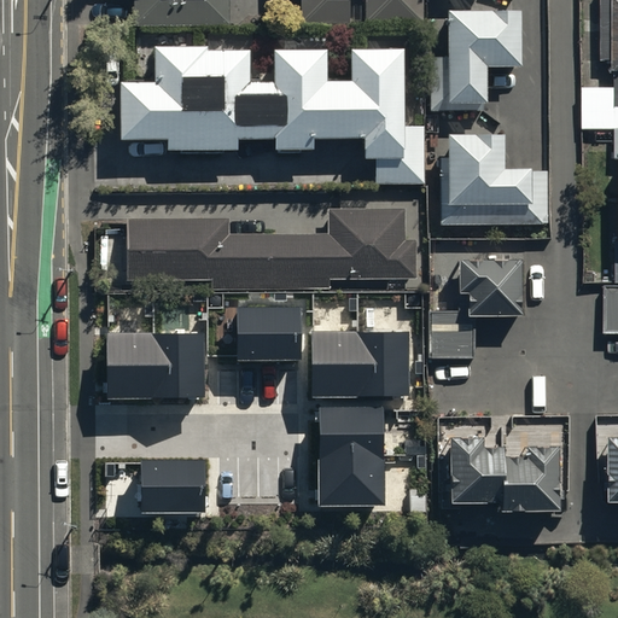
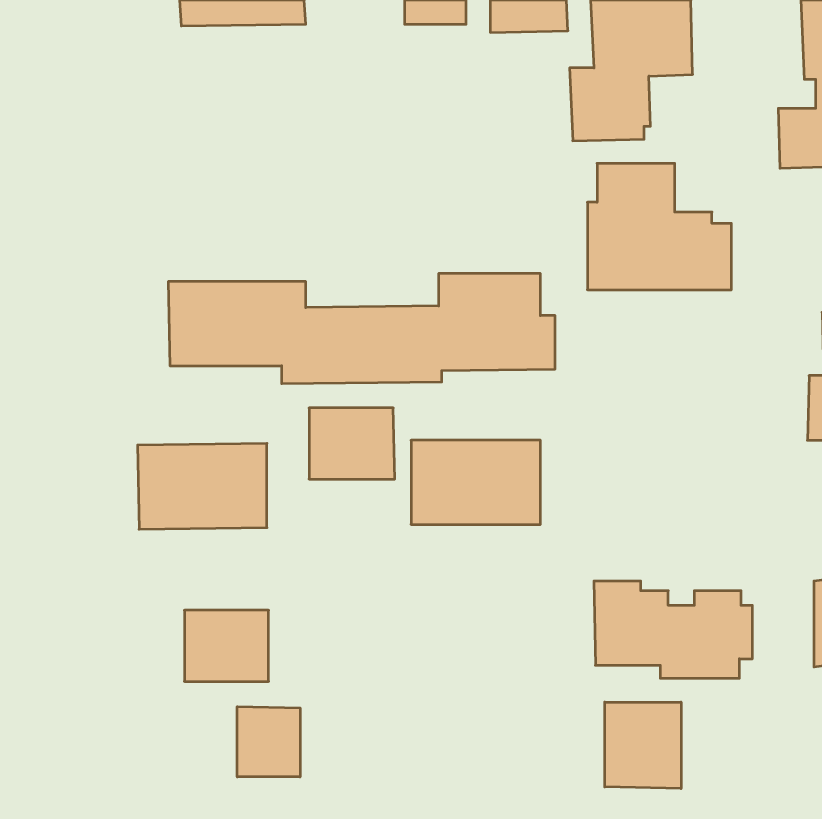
building: [121,40,426,187] -> none
building: [430,256,521,356] -> none
building: [317,409,380,507] -> none
building: none -> [605,702,681,789]
building: none -> [237,707,300,777]

